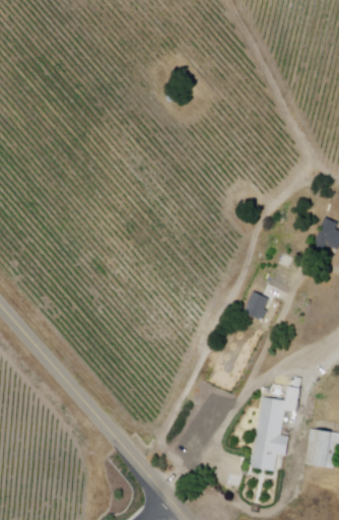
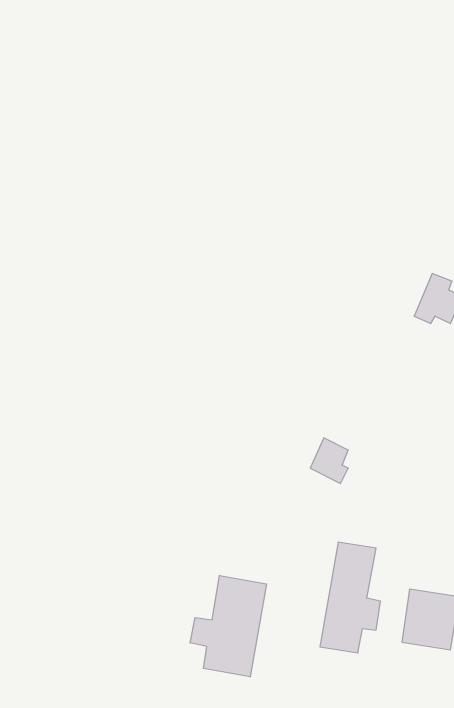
building: [243,290,268,321] -> [310,438,348,483]
building: none -> [190,575,266,677]

